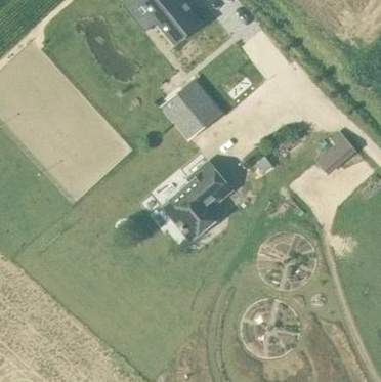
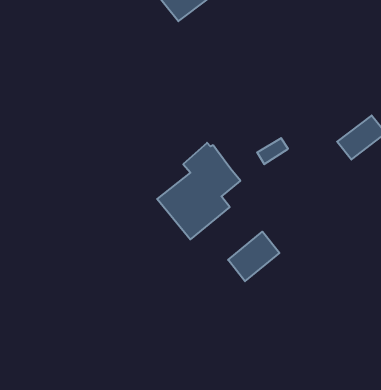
building: [163,79,219,134] -> none
building: none -> [228,232,279,281]

